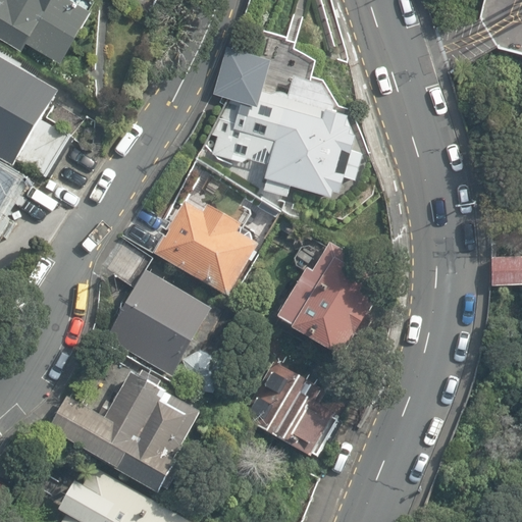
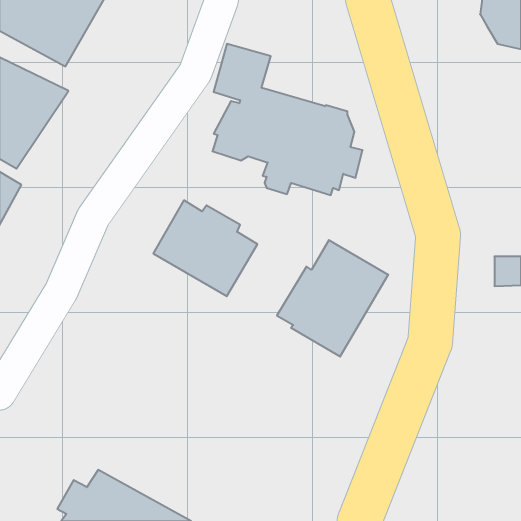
building: [105,269,211,375] -> none
building: [244,362,337,456] -> none
building: [46,369,199,491] -> none

